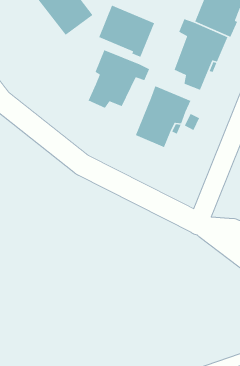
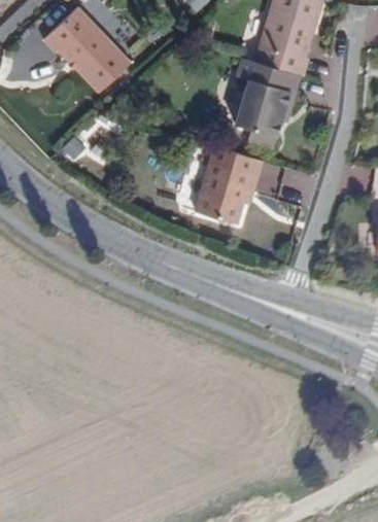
building: [98,4,155,58] -> none
building: [88,49,150,109] -> none

